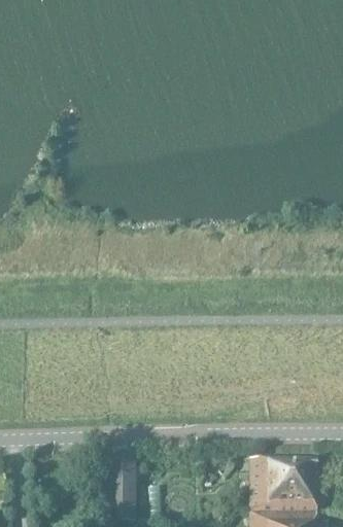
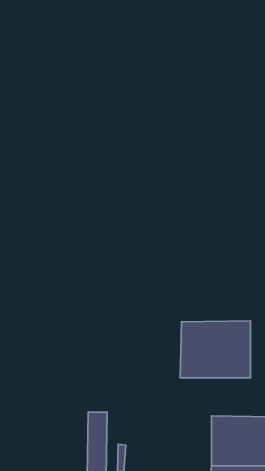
building: none -> [180,321,250,378]

